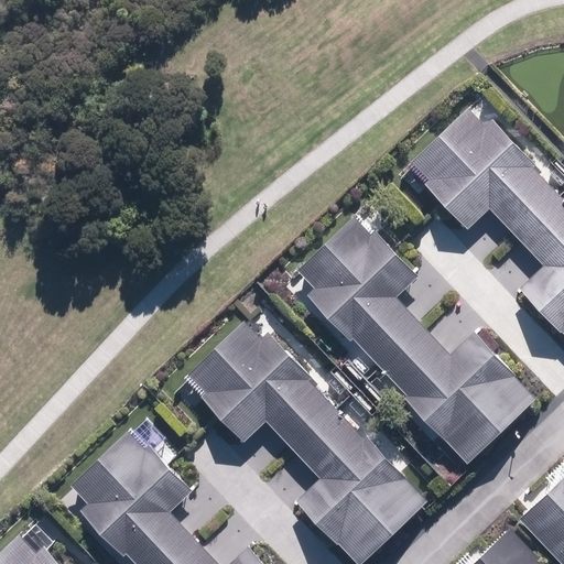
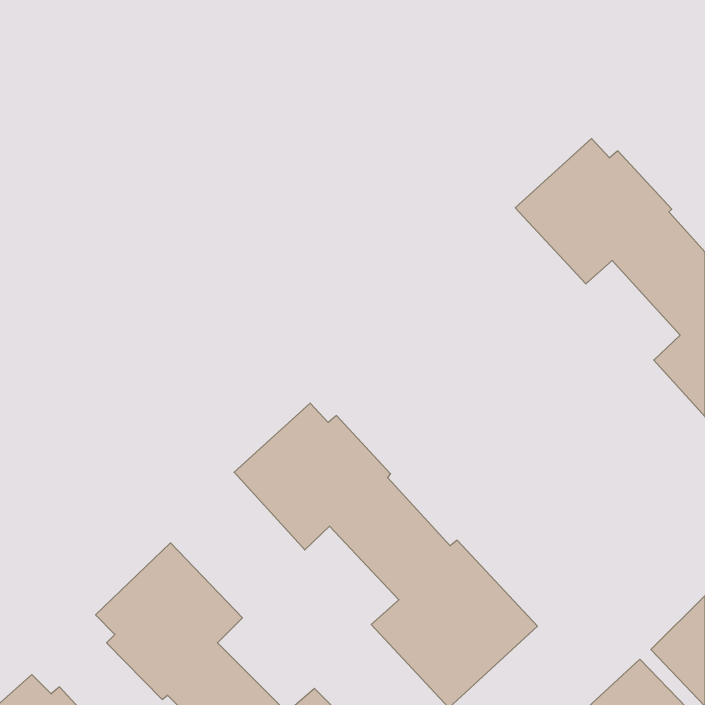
building: [301,218,538,465] -> none

